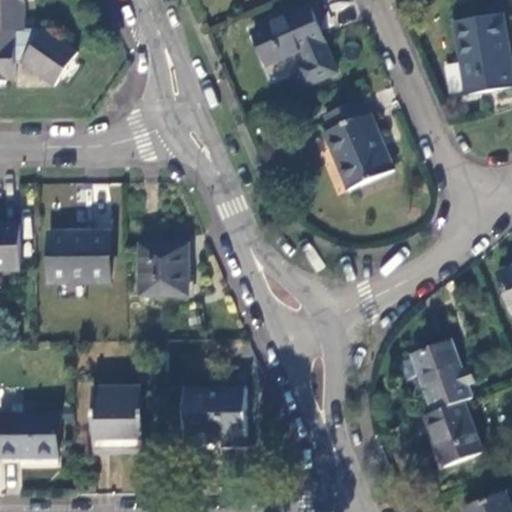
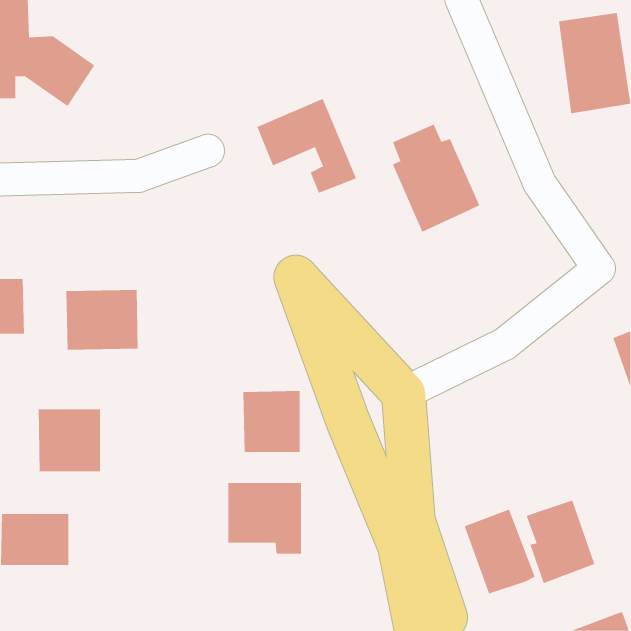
building: [250,5,331,82] -> [257,98,357,194]
building: [142,245,189,295] -> [242,391,301,452]
building: [413,345,471,414] -> [464,509,536,594]
building: [92,391,143,442] -> [38,409,101,472]

